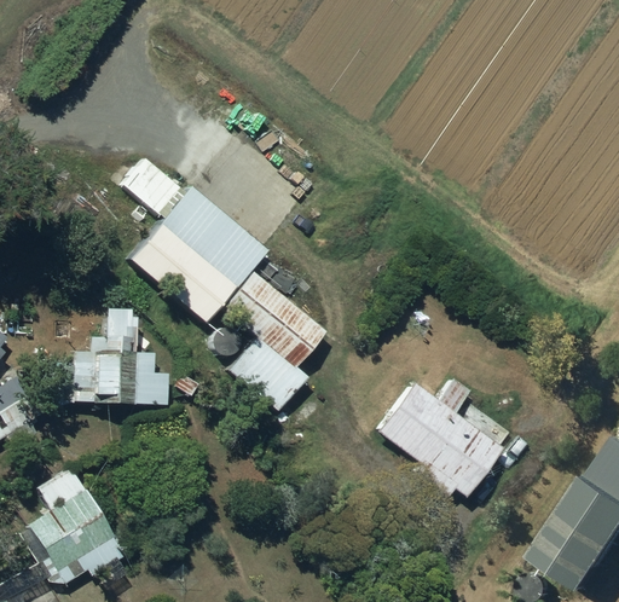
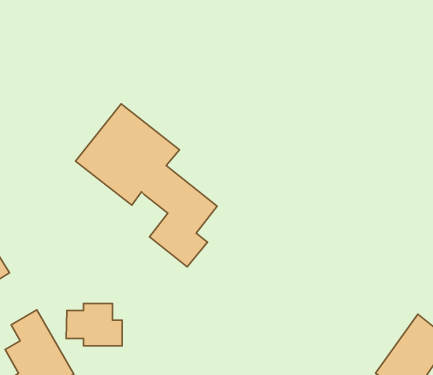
building: [92,347,169,405] -> [66,303,122,346]
building: [374,376,499,493] -> none

